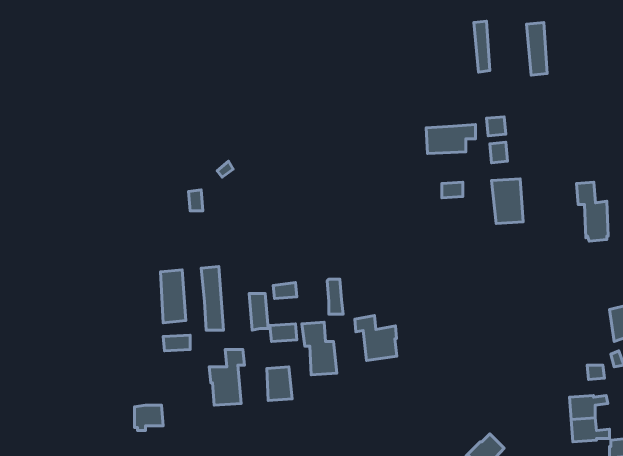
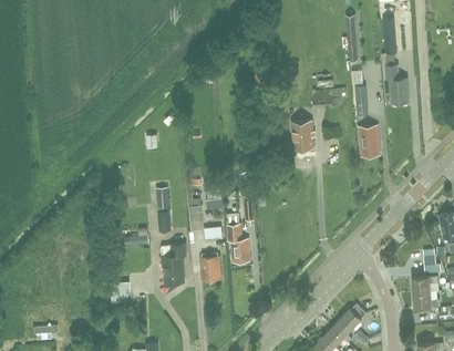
building: none -> [292,121,313,148]
building: [576,182,608,241] -> [385,64,407,105]
building: [161,270,186,323] -> none
building: [355,316,397,361] -> none

